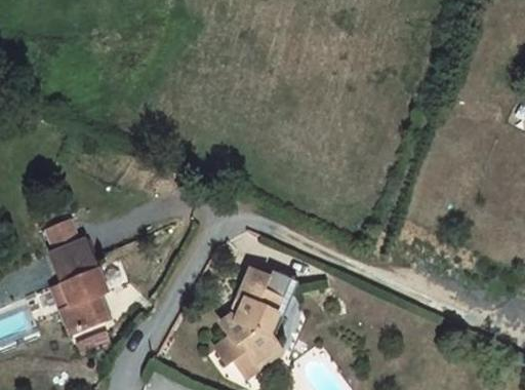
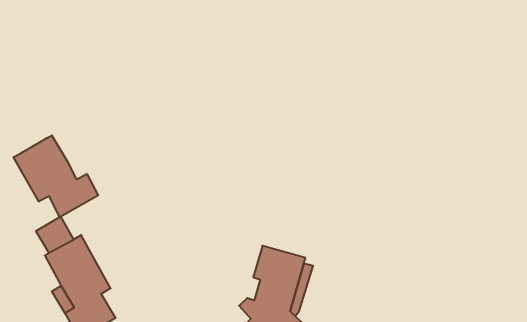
building: none -> [14,135,98,217]

